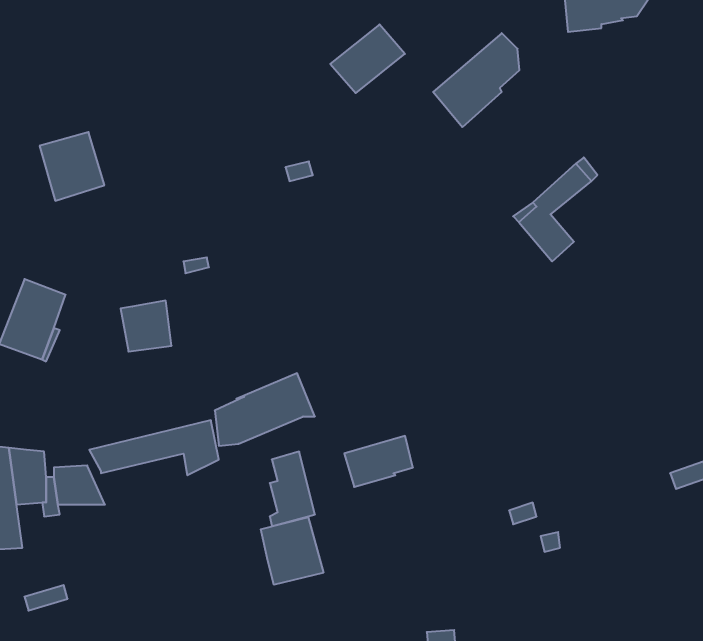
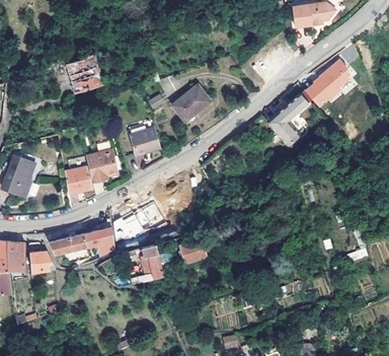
building: [330,24,405,93] -> [169,87,208,123]
building: [433,33,519,127] -> [304,60,348,109]
building: [40,132,104,201] -> [64,55,97,90]
building: none -> [128,121,160,155]
building: none -> [86,153,115,183]
building: [261,517,323,585] -> none

